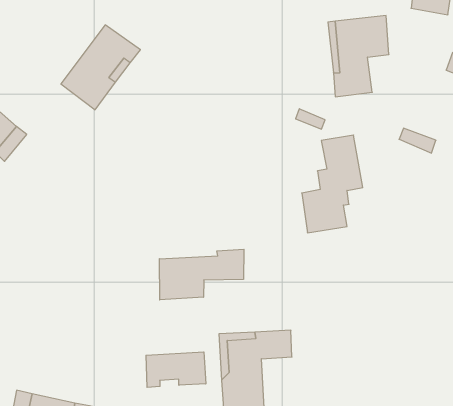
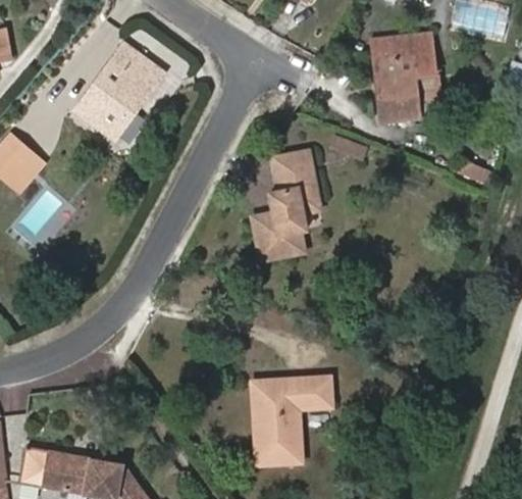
building: [302,135,363,233] -> [255,150,322,258]
building: [159,249,244,300] -> none
building: [146,352,206,387] -> none

